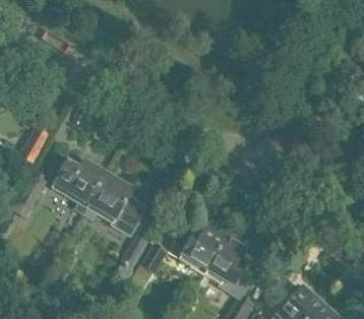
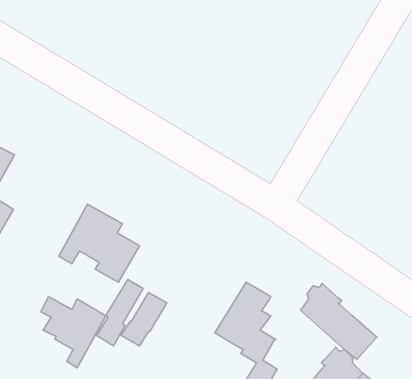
building: [56,157,107,213] -> [41,296,106,368]
building: [181,222,231,273] -> none
building: none -> [300,284,377,360]

